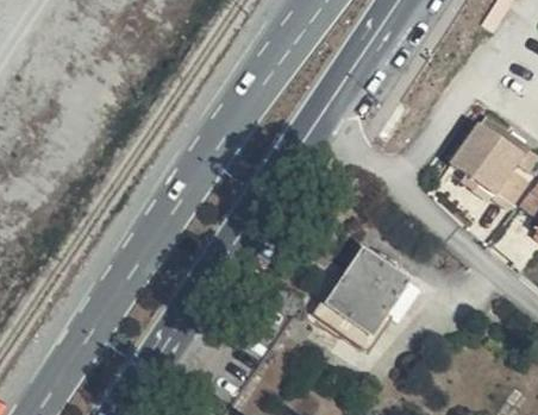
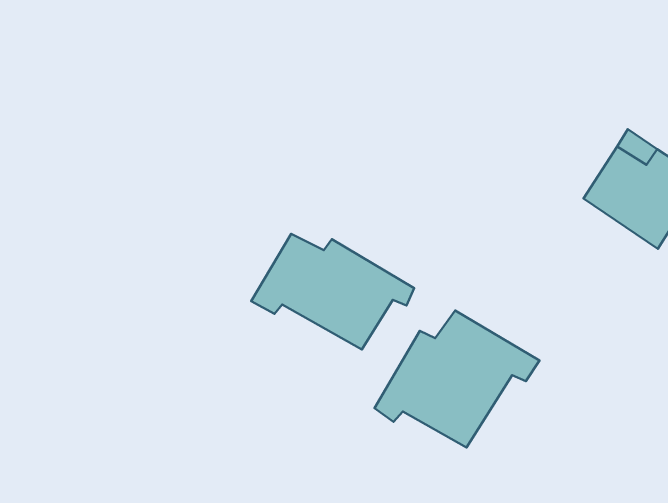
building: none -> [251,234,414,349]

